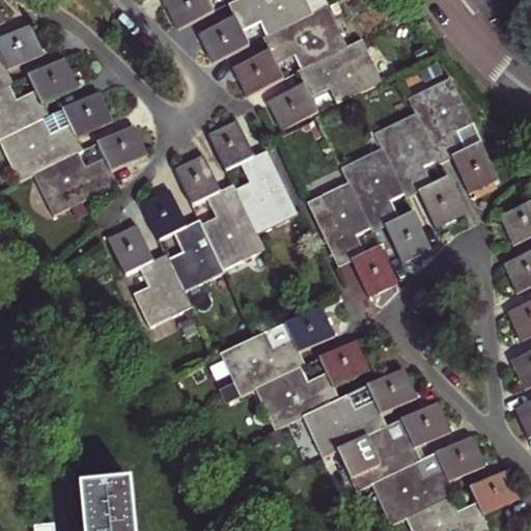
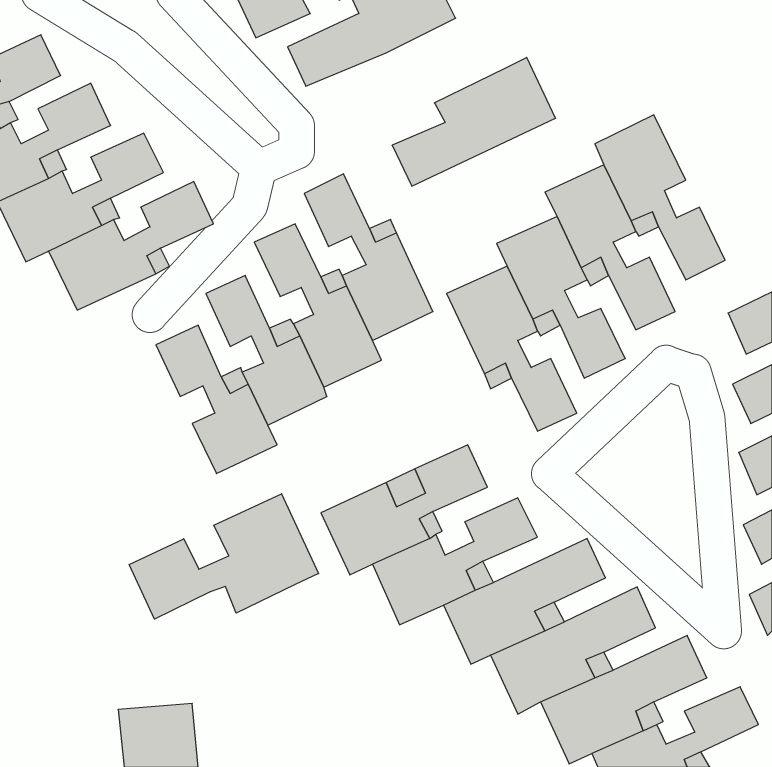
building: [235,5,346,93] -> none
building: none -> [129,494,319,619]

